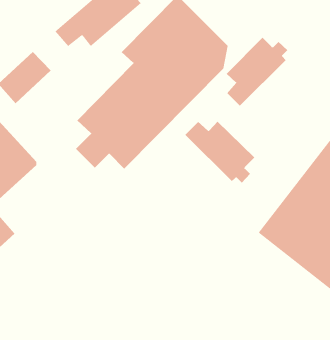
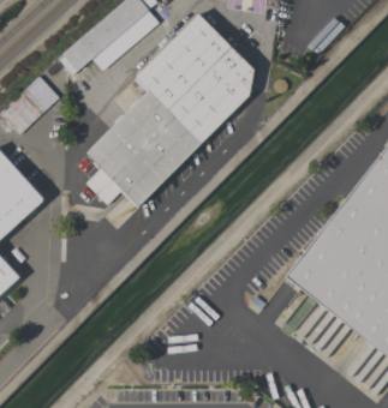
building: [226,37,288,106] -> none
building: [185,121,255,183] -> none

